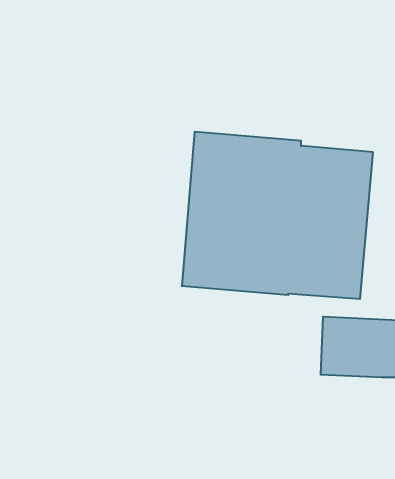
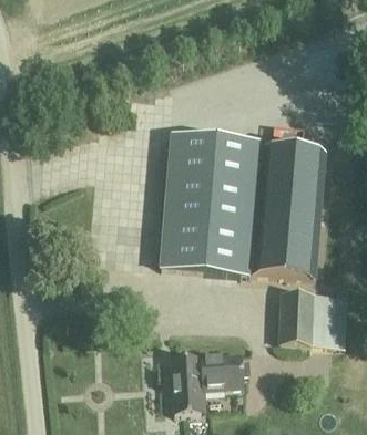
building: none -> [170,352,241,412]

